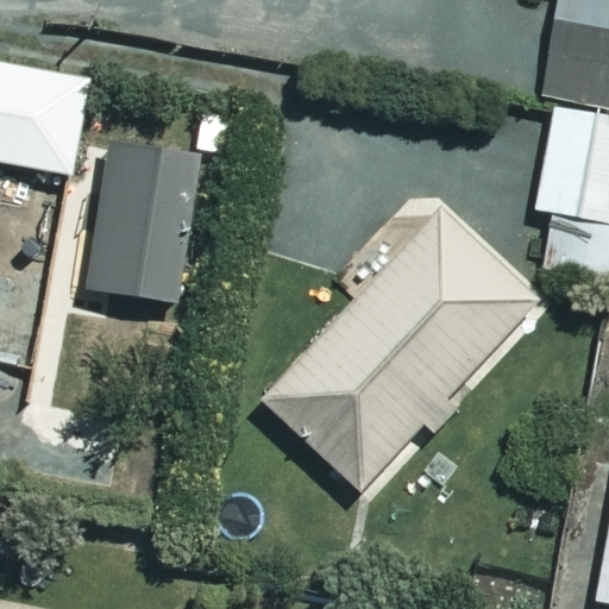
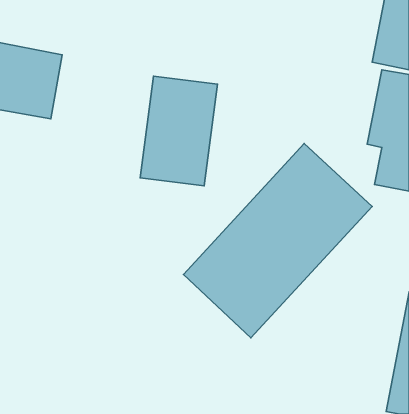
building: [92,143,203,302] -> [140,76,217,186]

